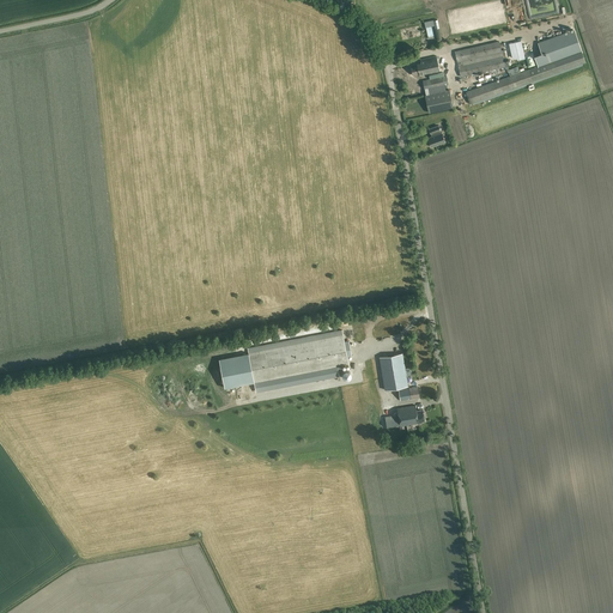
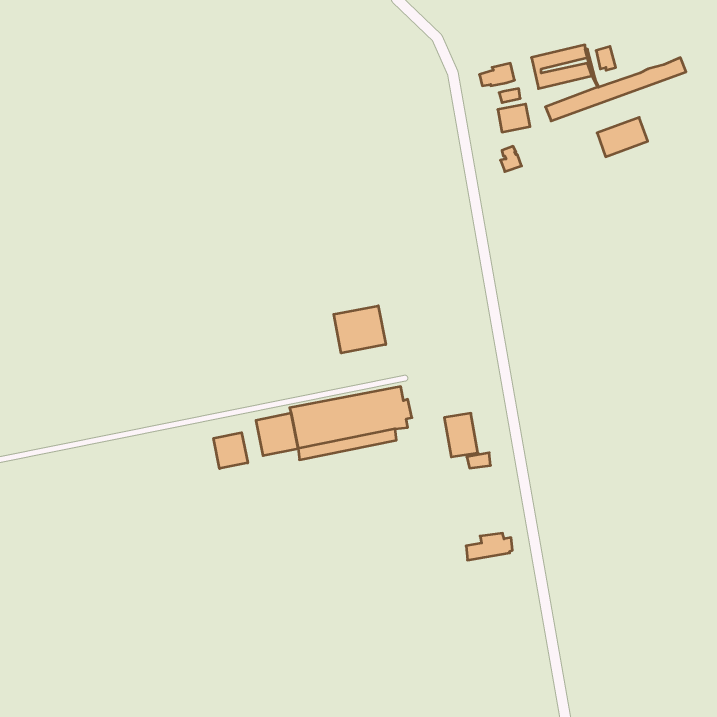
building: [536,29,579,62] -> [597,117,648,157]
building: none -> [334,306,386,353]
building: none -> [214,433,248,469]
building: [384,405,424,427] -> [466,533,512,560]

